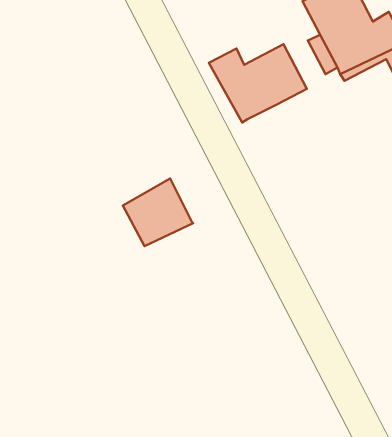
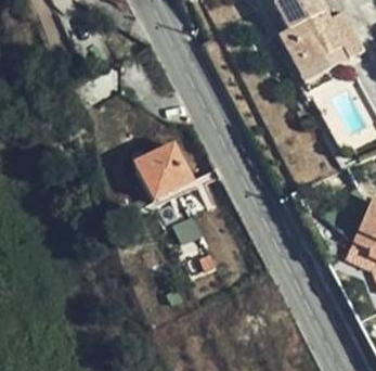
building: [209,44,307,123] -> none

